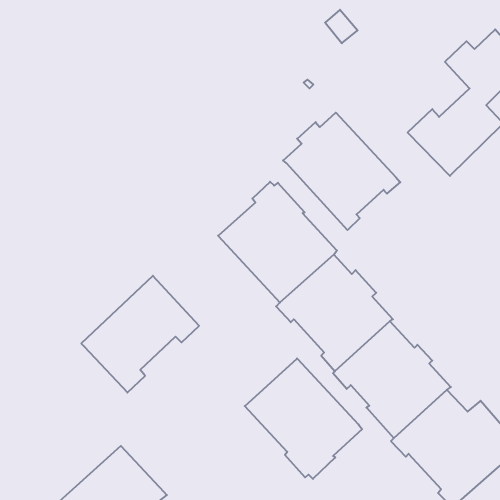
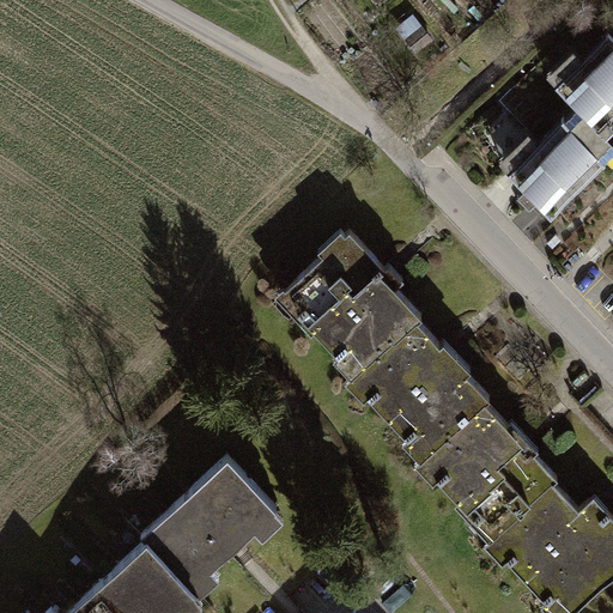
building: [283,113,400,230] -> none
building: [81,276,199,393] -> [146,460,290,602]
building: [245,358,362,479] -> none

